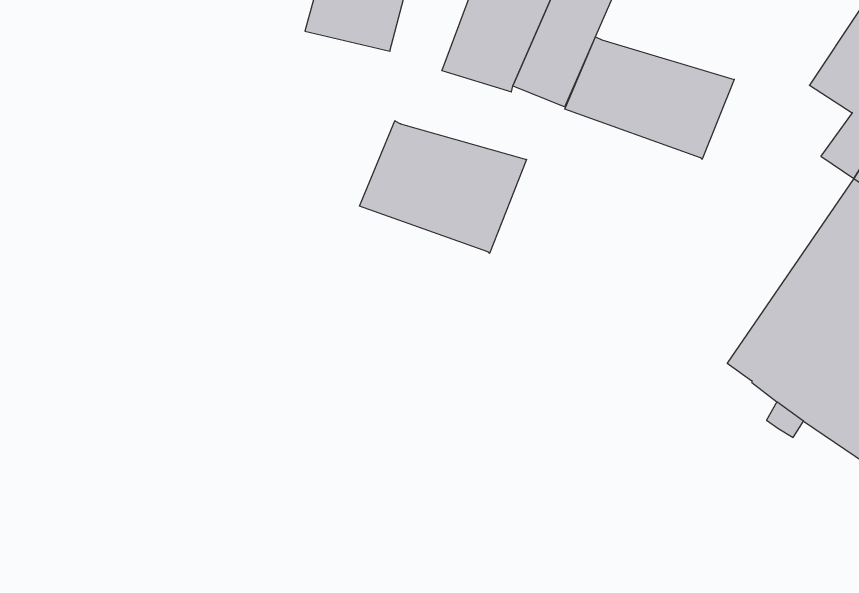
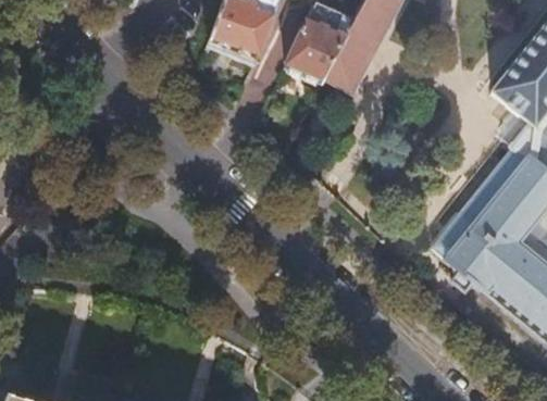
building: [565,37,734,159] -> none
building: [360,121,527,253] -> none

